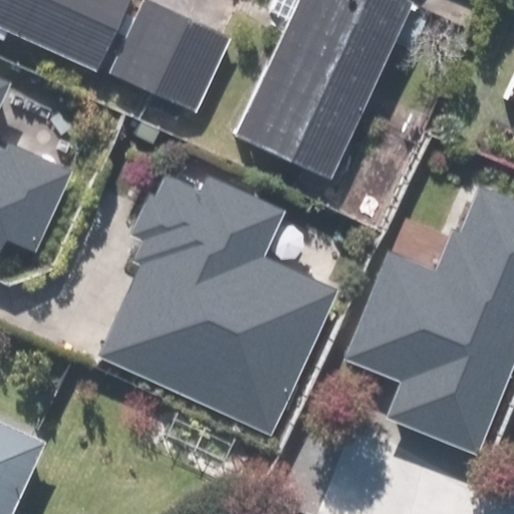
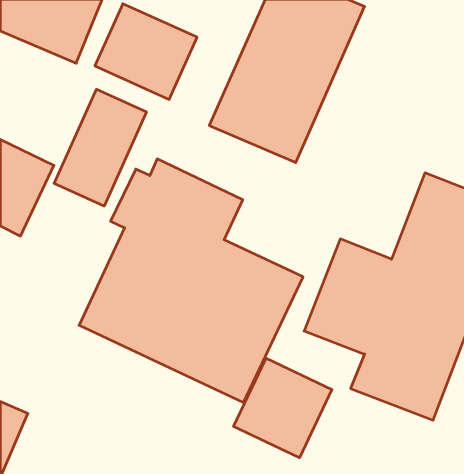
building: none -> [54,89,146,206]
building: none -> [234,358,332,458]

